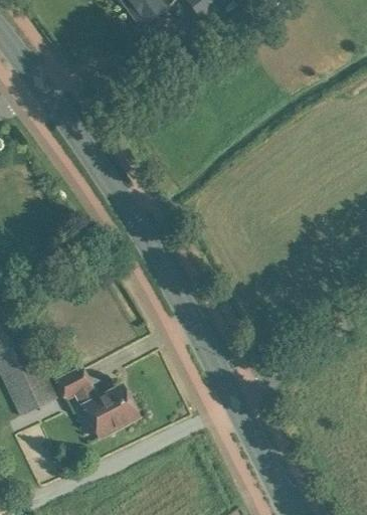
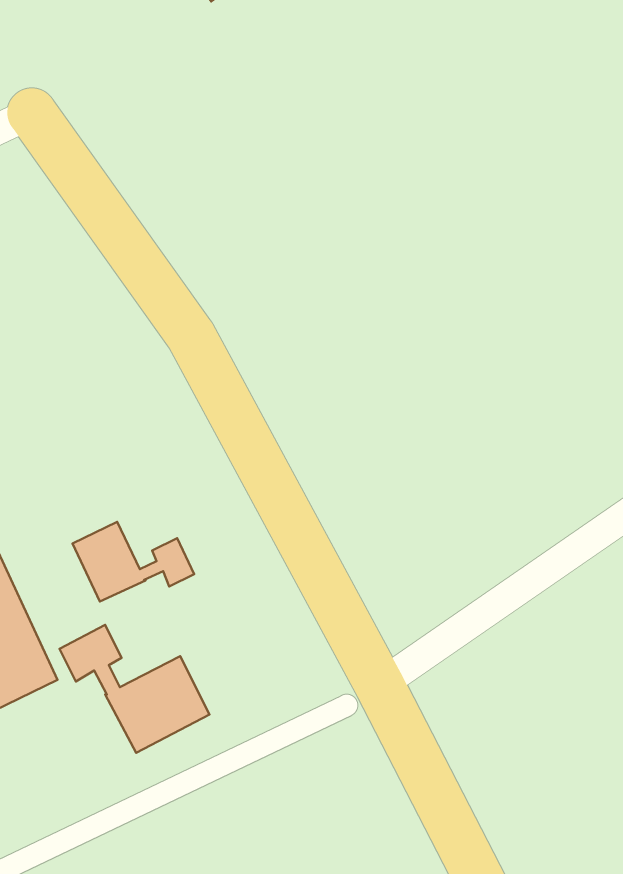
building: none -> [73,522,194,602]

